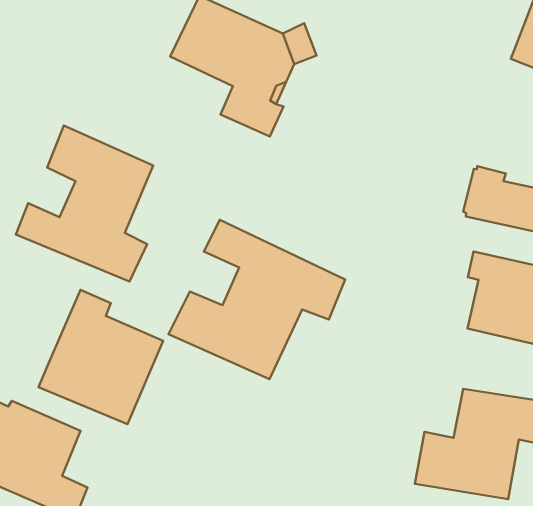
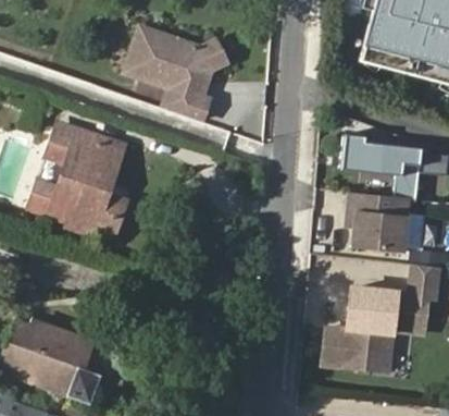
building: [168,220,345,379] -> none
building: [39,290,163,424] -> none

